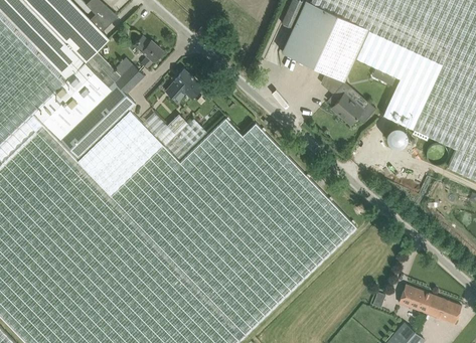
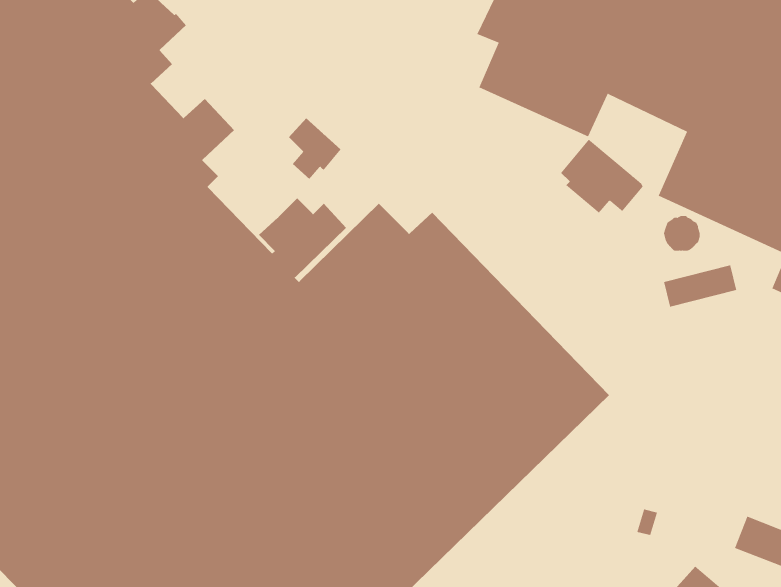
building: [134,36,162,67] -> none
building: none -> [663,265,737,307]
building: [399,286,434,314] -> none

